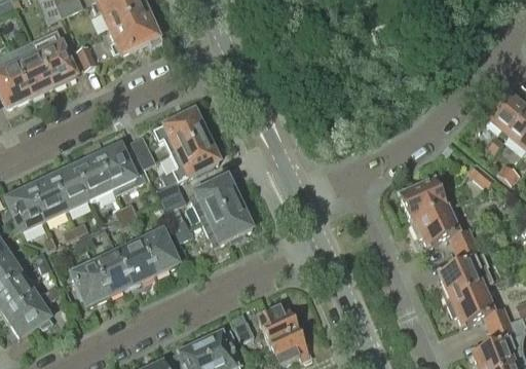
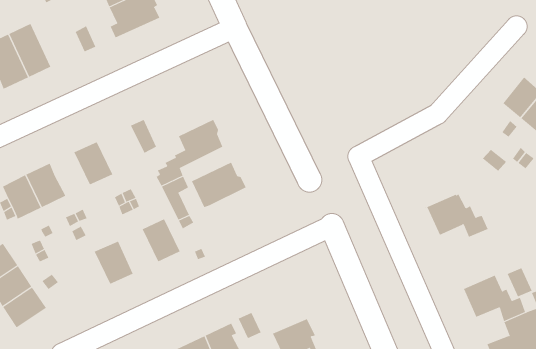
building: [34,32,75,83] -> none
building: [152,109,210,150] -> none
building: [98,145,135,194] -> none
building: [52,165,90,208] -> none
building: [402,176,444,219] -> none
building: [206,199,252,243] -> none
building: [118,239,156,283] -> none
building: [439,239,481,297] -> none
building: [71,261,110,304] -> none
building: [256,302,300,340] -> none

